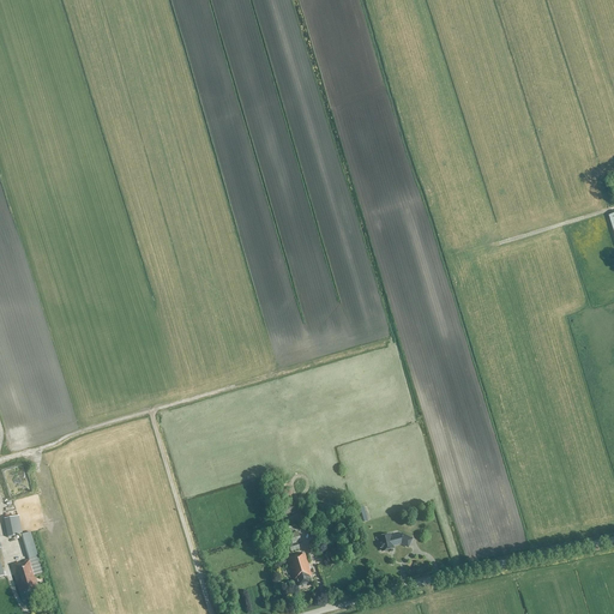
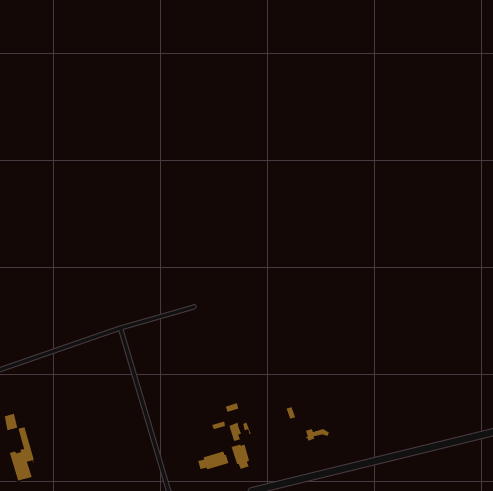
building: none -> [197,450,229,470]

